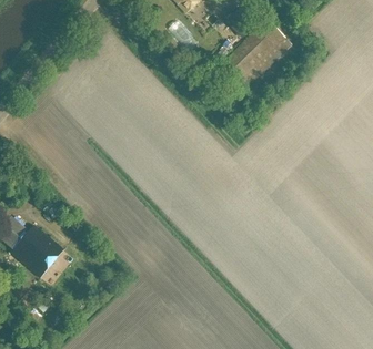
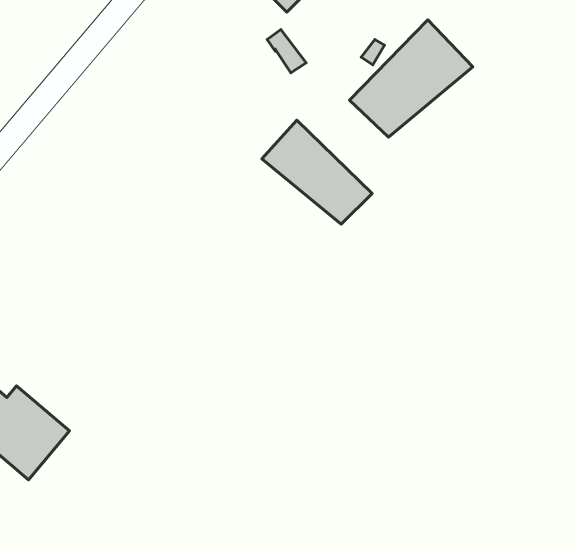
building: none -> [262,120,372,224]

